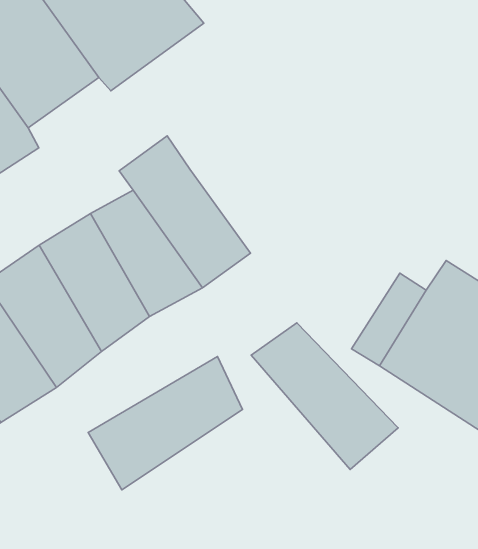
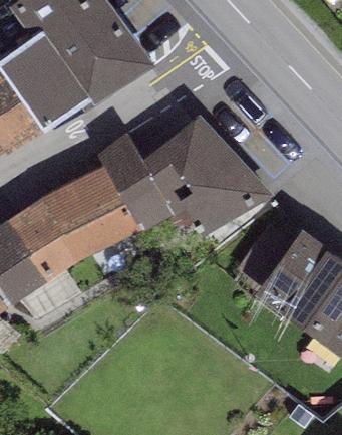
building: none -> [139,114,271,242]
building: [251,323,398,470] -> none
building: [88,356,242,490] -> none

